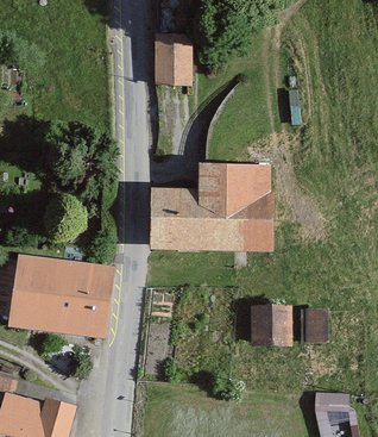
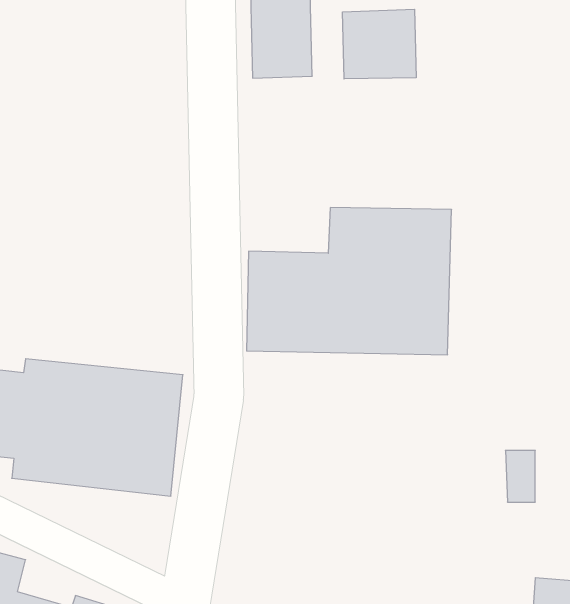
building: none -> [343,9,416,79]
building: [250,305,289,344] -> none

